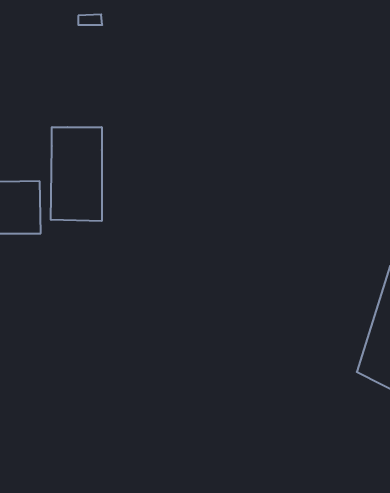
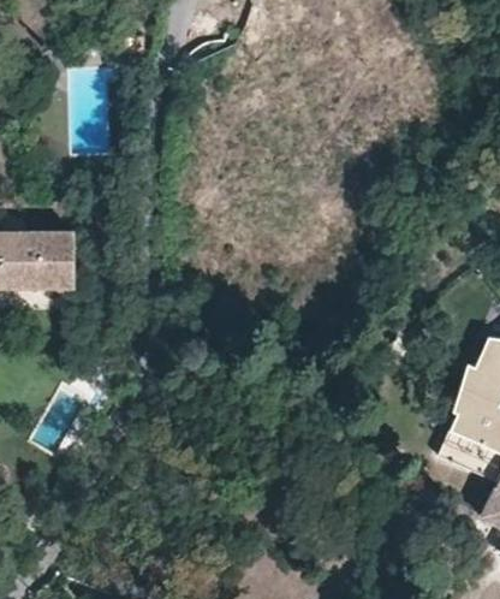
building: [51,127,102,221] -> none

